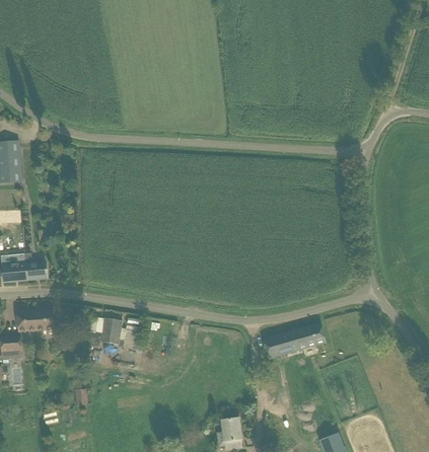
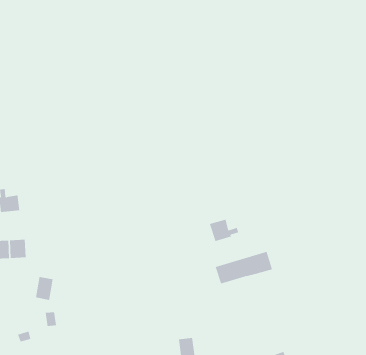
building: none -> [209,219,239,242]
building: [100,318,121,345] -> [35,277,54,300]

